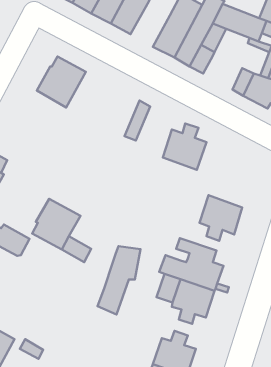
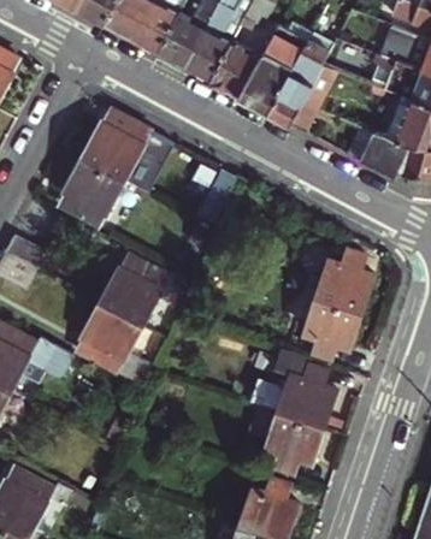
building: none -> [211,40,264,97]
building: none -> [61,156,124,225]
building: [163,123,207,170] -> [315,251,374,314]
building: none -> [101,255,170,325]
building: [97,246,141,314] -> none

